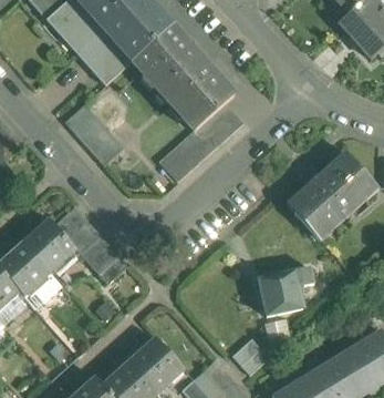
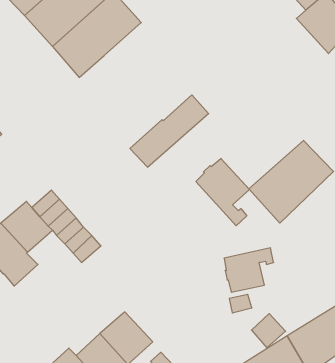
building: [132,25,233,131] -> none
building: [64,102,125,166] -> none
building: none -> [196,158,249,226]
building: [232,337,269,374] -> [251,314,286,348]

